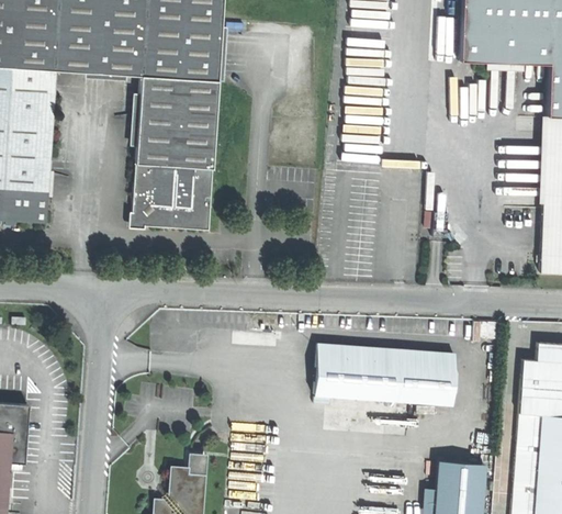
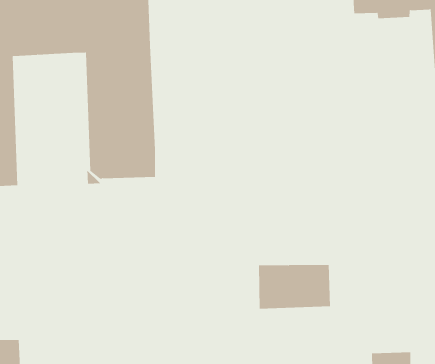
building: [397,350,456,404] -> none

